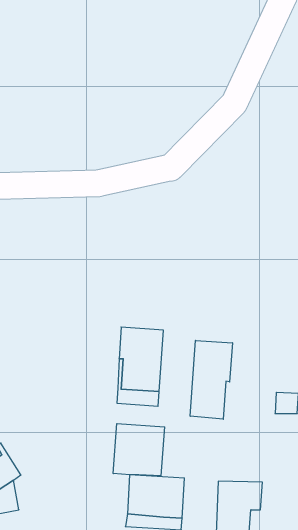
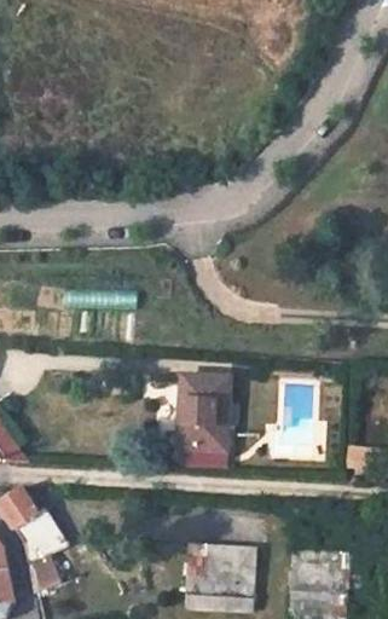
building: [190,340,232,419] -> none
building: [113,424,165,476] -> none

